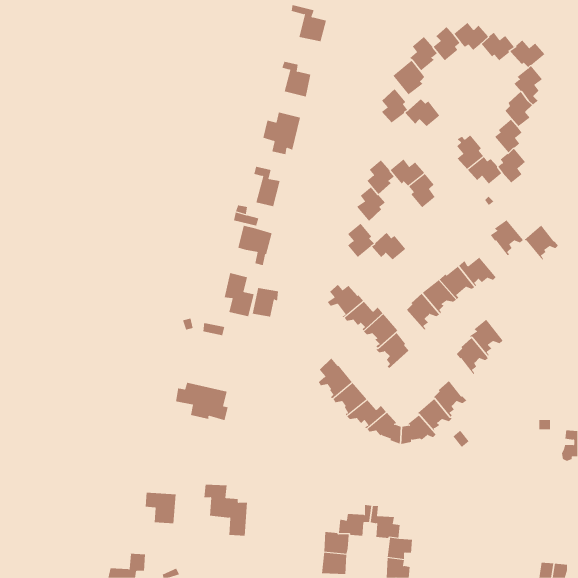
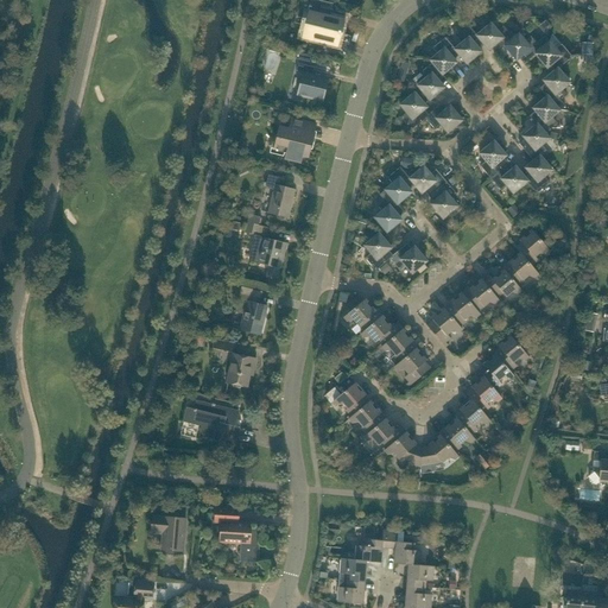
building: [524,225,559,260] -> [501,253,538,290]
building: [252,288,279,317] -> [227,355,255,386]
building: none -> [467,376,501,416]

